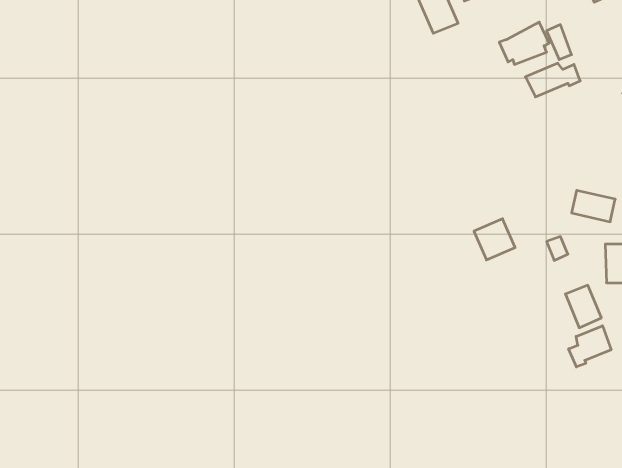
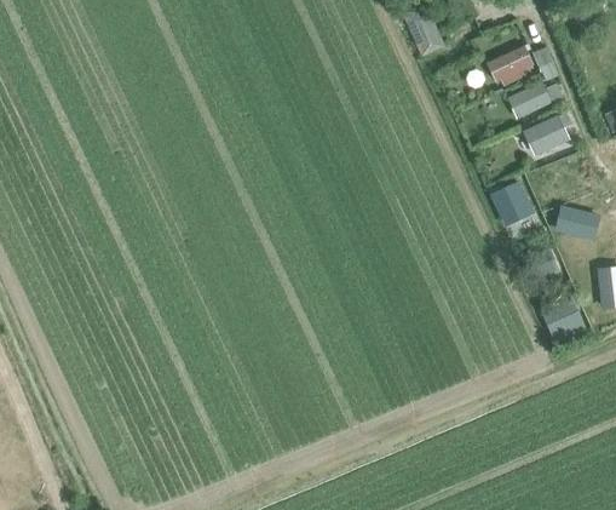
building: none -> [520,111,570,156]
building: [474,219,515,260] -> [491,183,531,223]
building: [569,326,611,367] -> none

